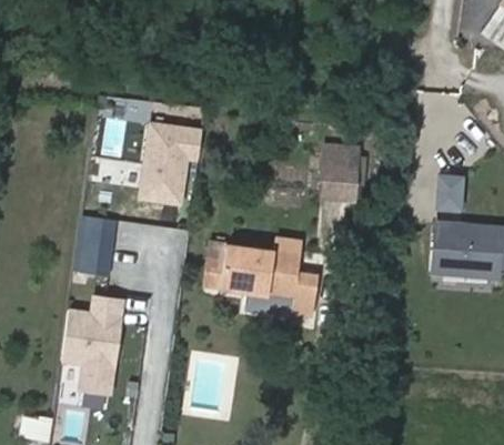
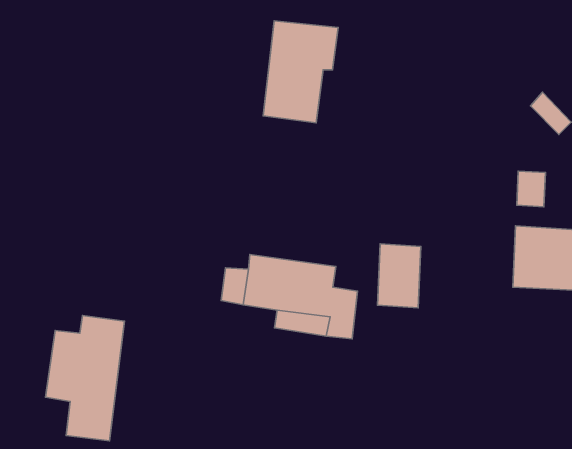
building: [139,122,200,205] -> [263,21,338,123]
building: [320,146,355,199] -> [377,244,421,308]
building: [75,215,115,273] -> none

